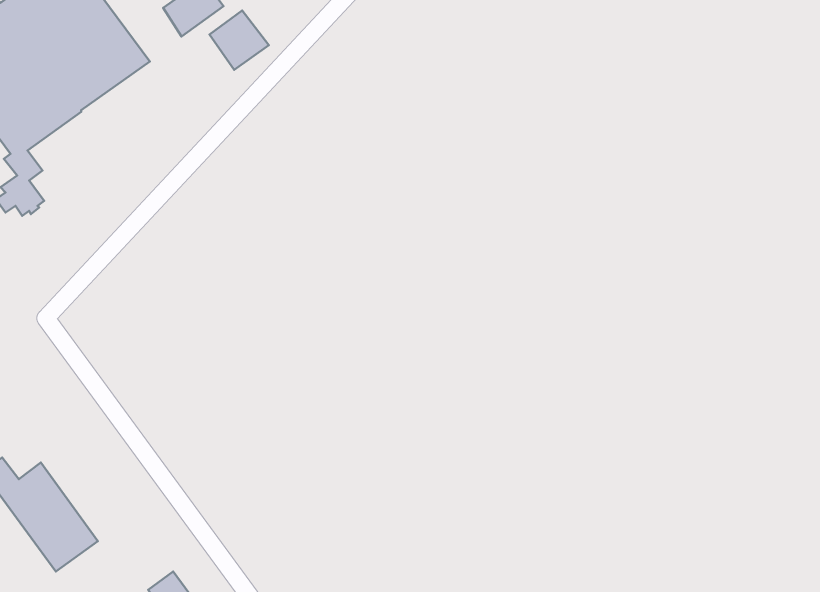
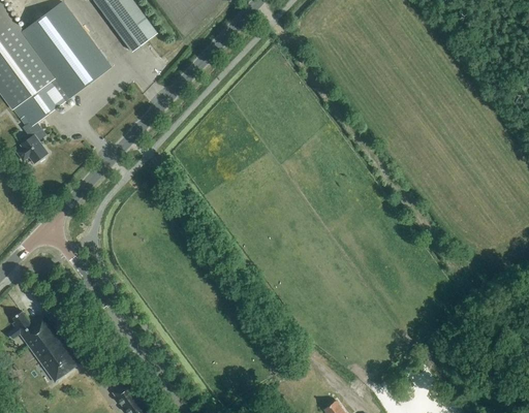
building: [209,10,269,70] -> none

